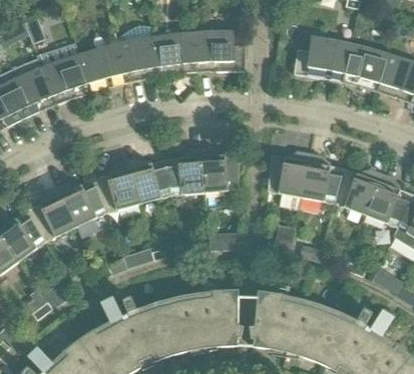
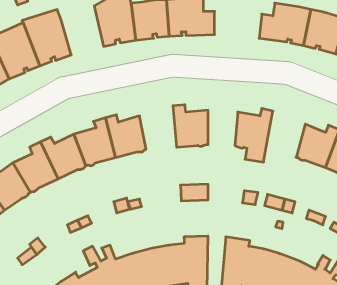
building: [79,43,125,91] -> none
building: [164,146,204,195] -> none
building: [301,152,344,203] -> none

